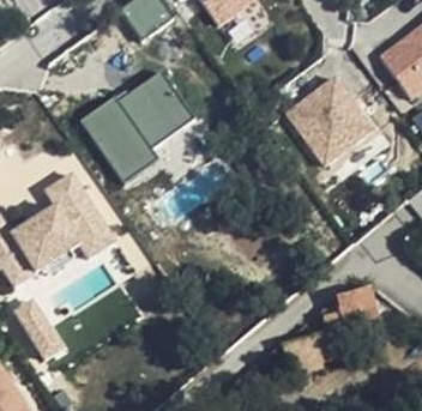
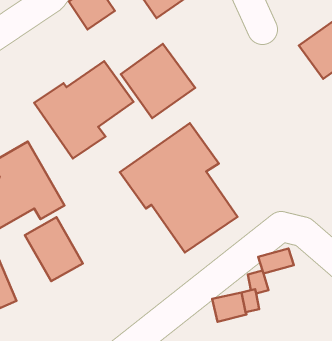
building: [288,77,373,162] -> [121,44,195,118]
building: none -> [120,123,237,252]
building: none -> [25,217,83,281]

